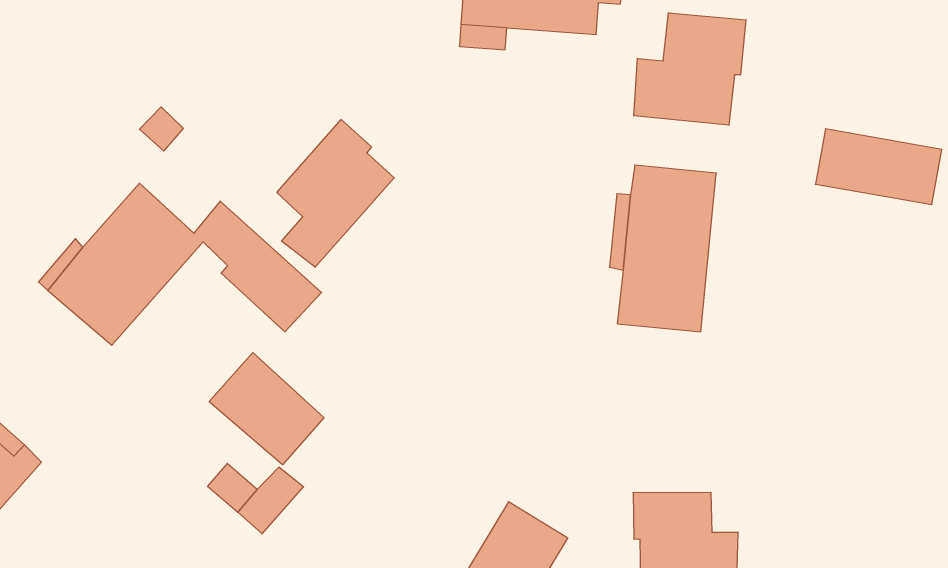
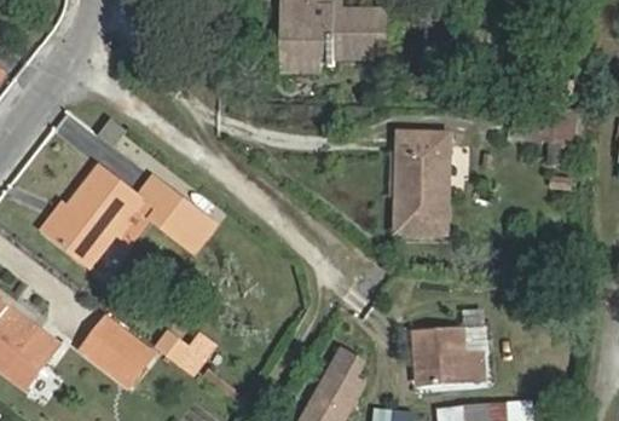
building: [634,13,746,125] -> none
building: [277,120,394,267] -> none
building: [209,353,324,465] -> [81,317,151,383]

